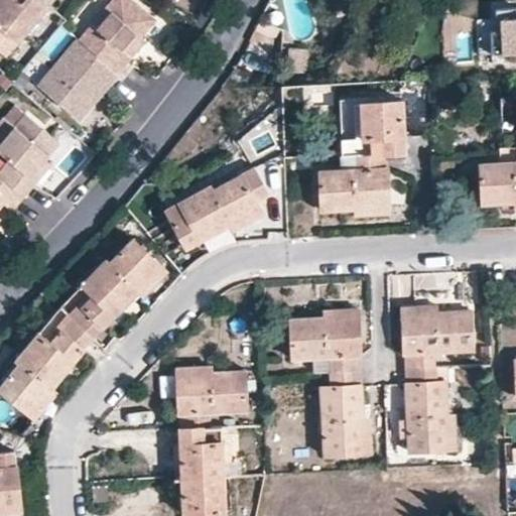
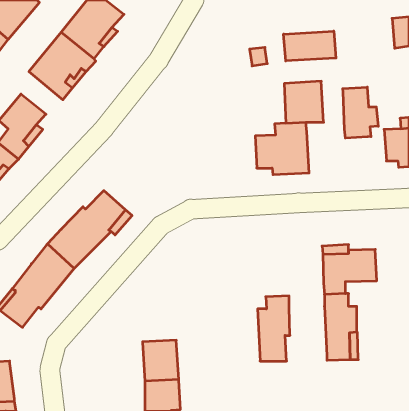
building: none -> [284,31,336,61]
building: none -> [343,87,378,138]
building: [163,162,267,246] -> none
building: [291,317,362,373] -> none
building: [176,371,246,428] -> none

